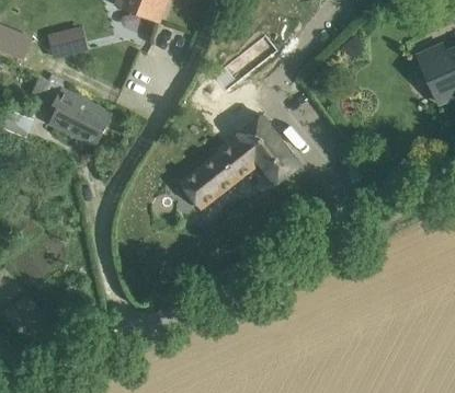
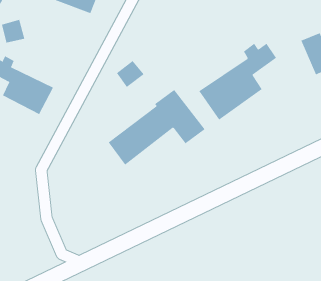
building: none -> [198,43,277,120]
building: none -> [116,60,144,88]

